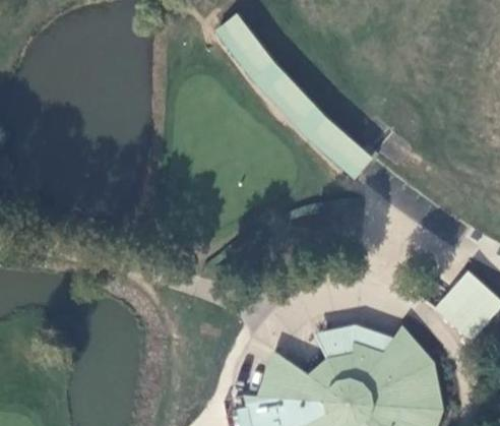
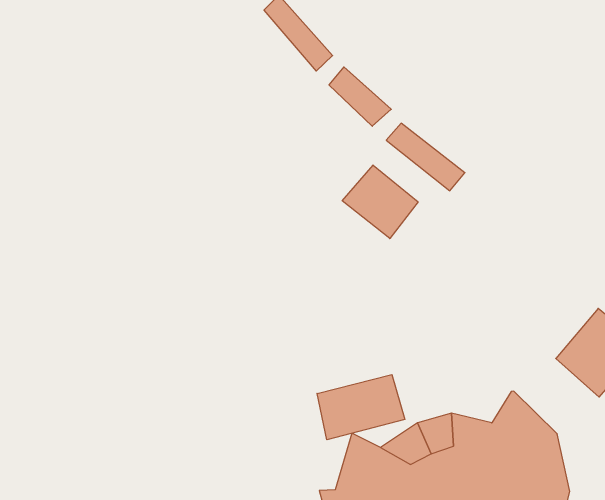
building: none -> [342,165,418,239]
building: none -> [317,375,405,440]
building: [352,317,398,354] -> none

